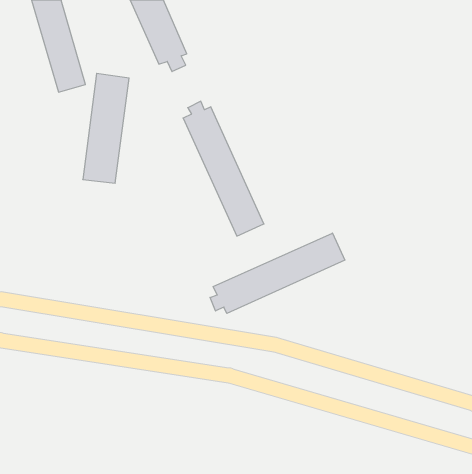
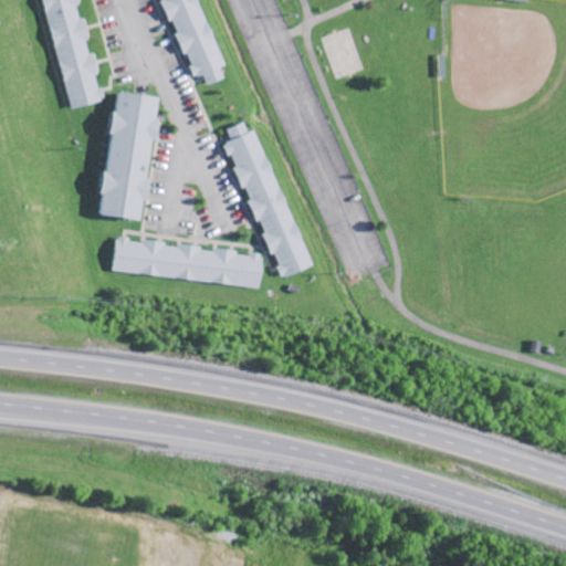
building: none -> [112,235,263,289]
building: [210,233,345,313] -> none

